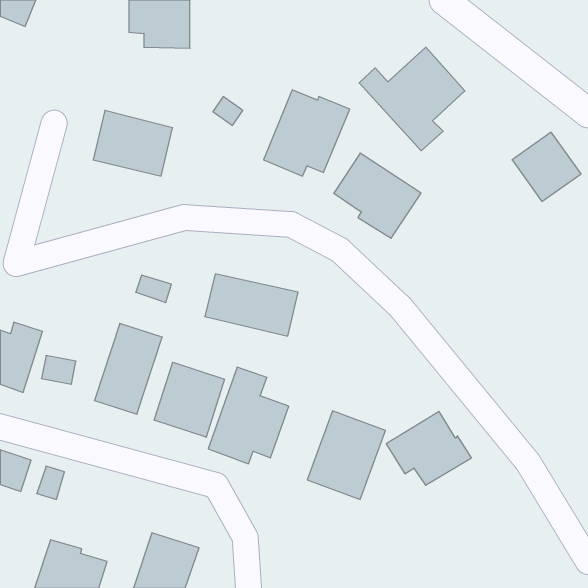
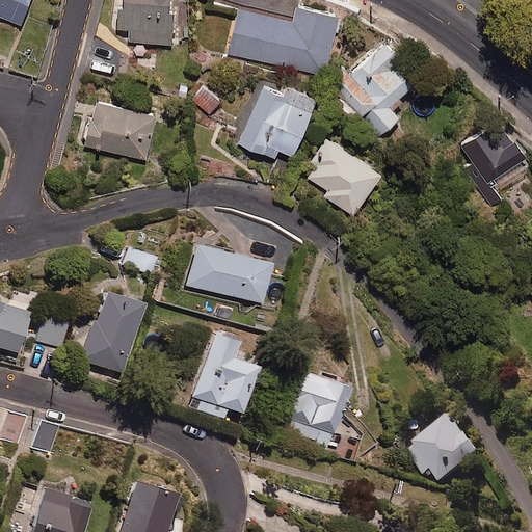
building: none -> [228,5,338,75]
building: [154,362,225,437] -> none
building: [386,412,471,485] -> [405,419,482,485]

